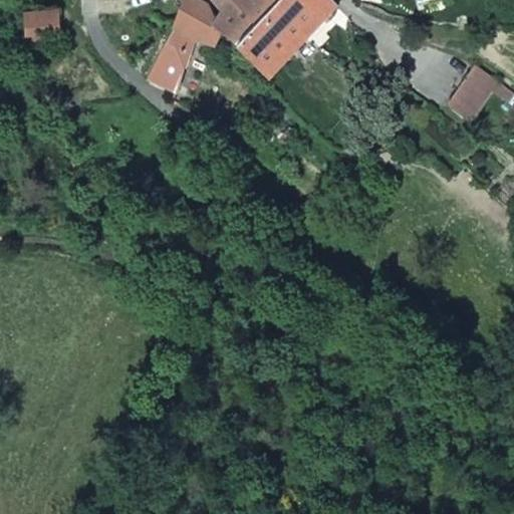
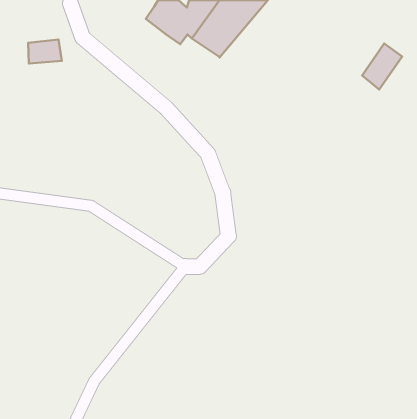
building: [24,8,65,37] -> [28,40,62,63]
building: [151,23,206,84] -> none

